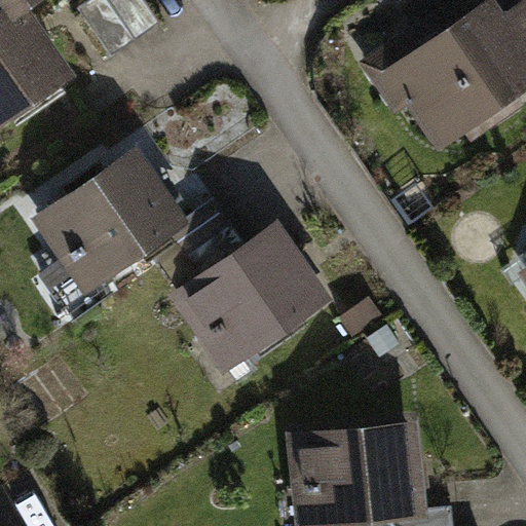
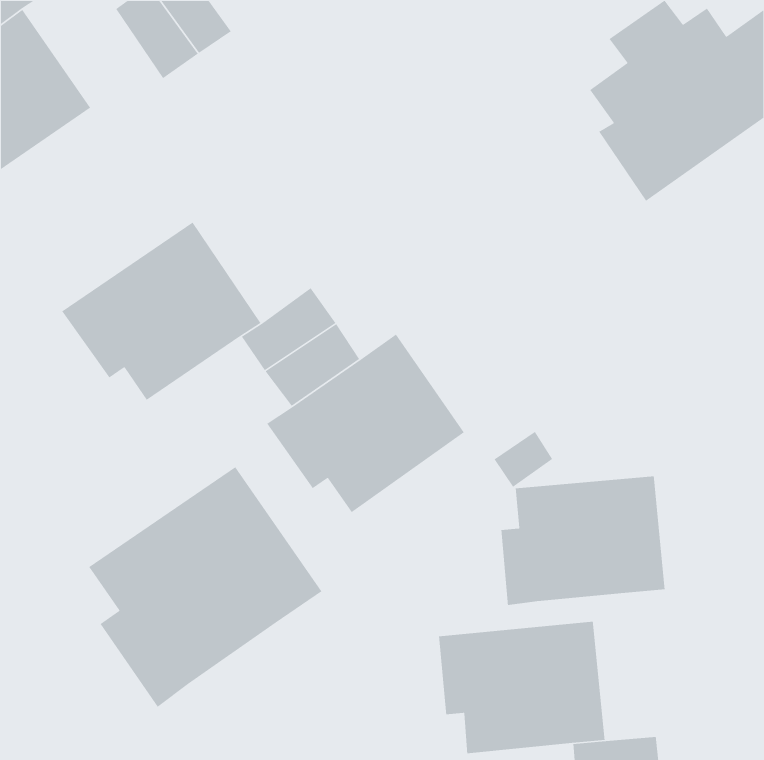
building: none -> [88,466,323,708]
building: none -> [500,476,666,606]

